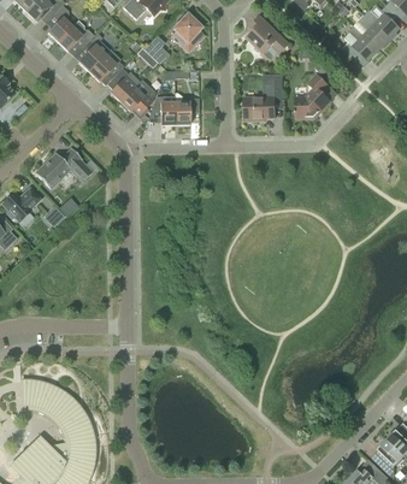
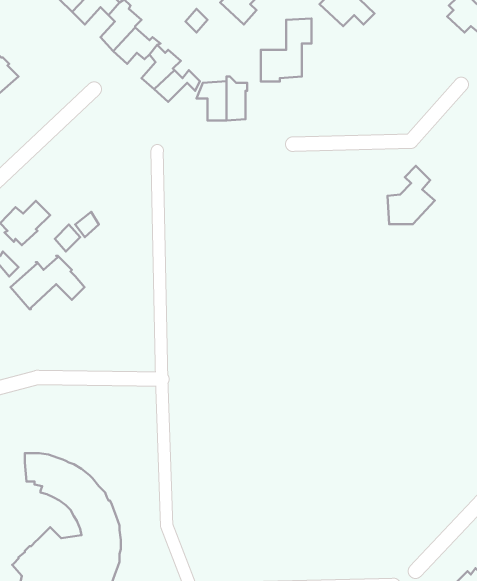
building: [243,72,282,120] -> [261,18,311,81]
building: [295,73,331,118] -> [388,166,435,224]
building: [35,147,92,188] -> [10,256,85,309]

